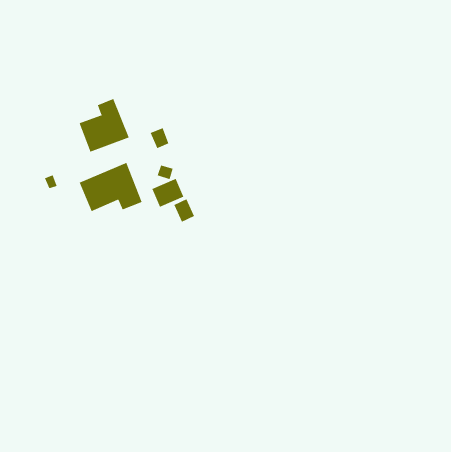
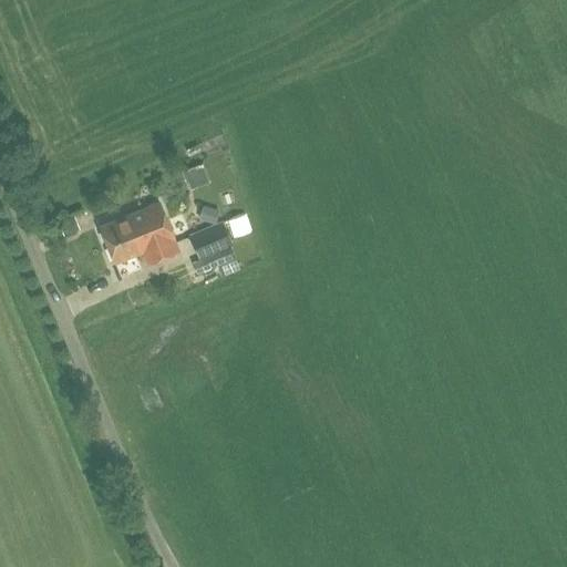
building: [79,98,130,152] -> none

